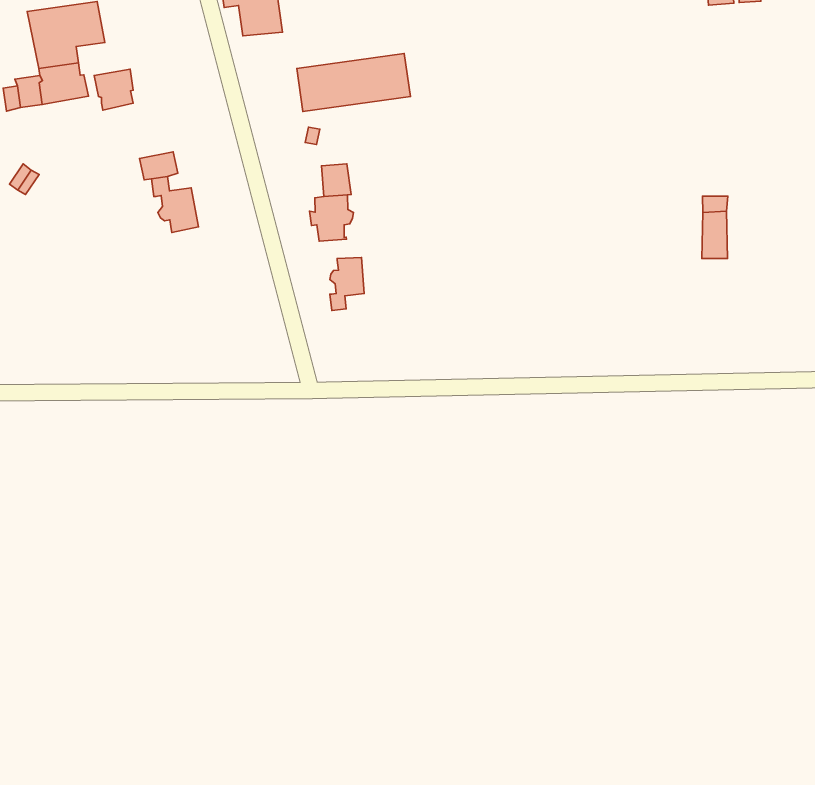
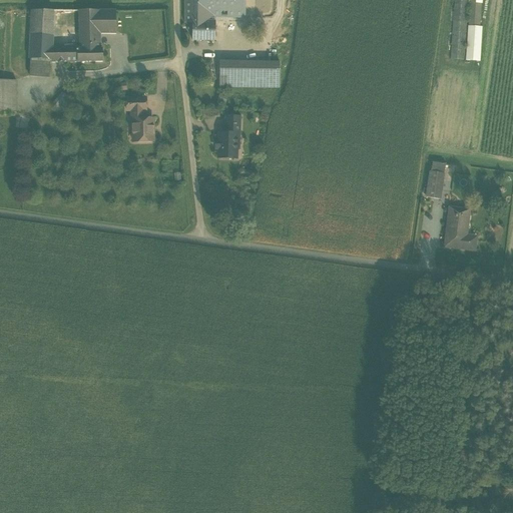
building: [94,69,133,110] -> none
building: [330,257,364,311] -> none
building: none -> [444,207,476,249]

